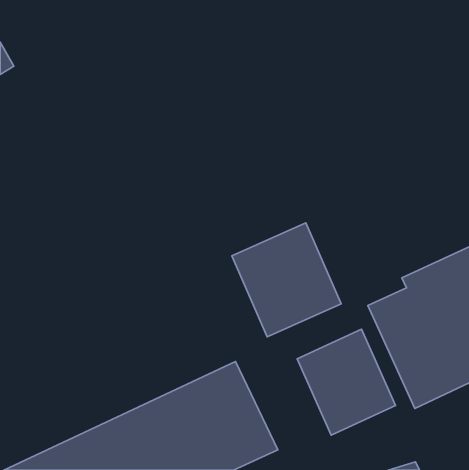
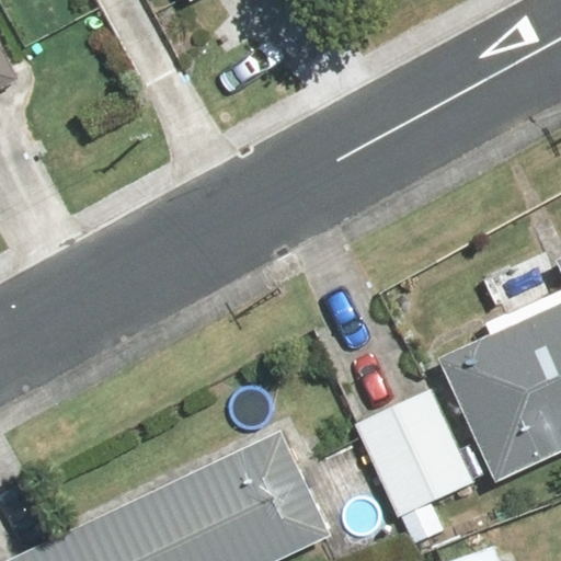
building: [232,223,341,337] -> none

